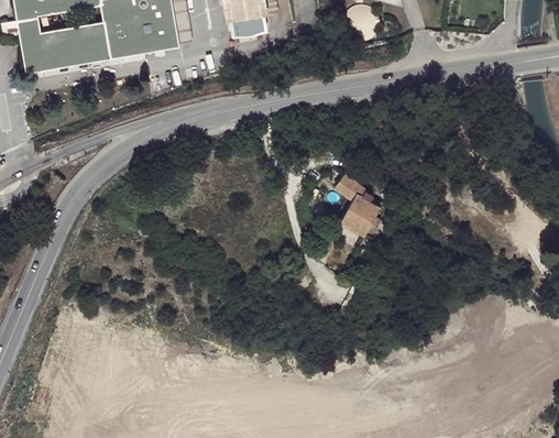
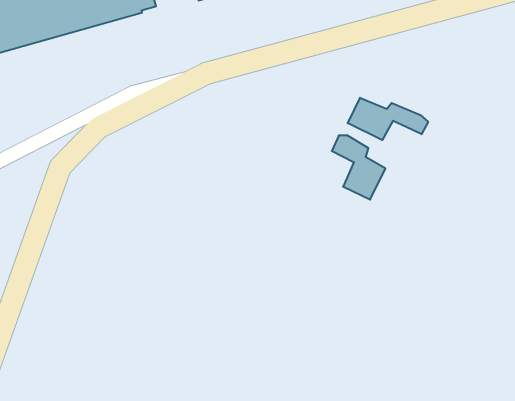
building: none -> [348,98,428,140]

